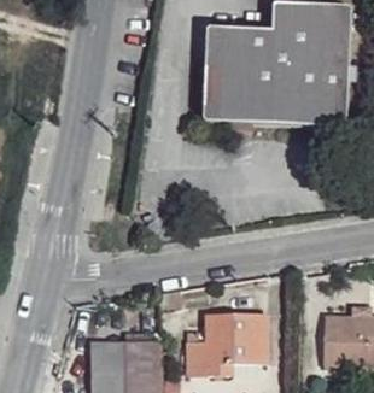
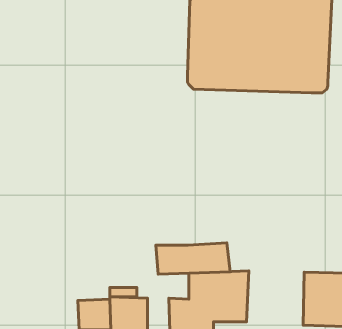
building: none -> [156,243,230,274]

